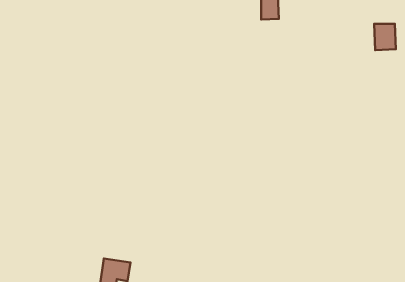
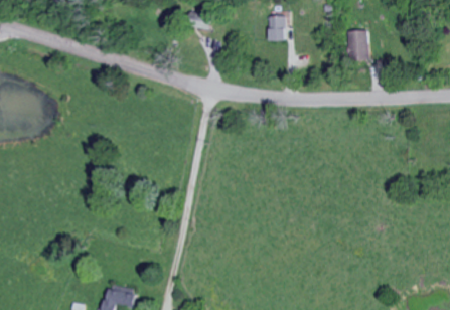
building: [374,24,396,50] -> [346,30,368,57]

